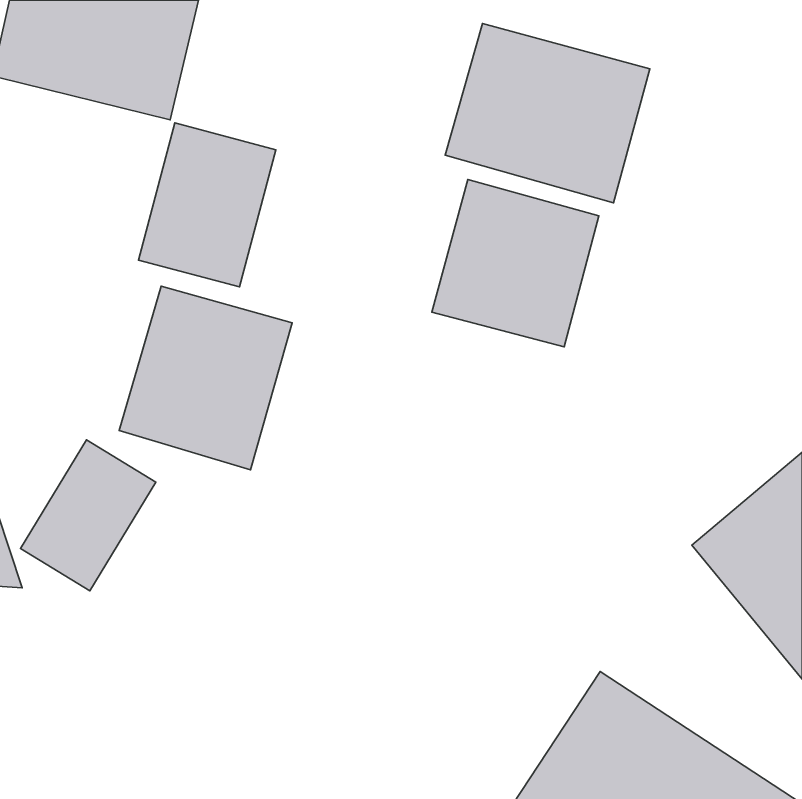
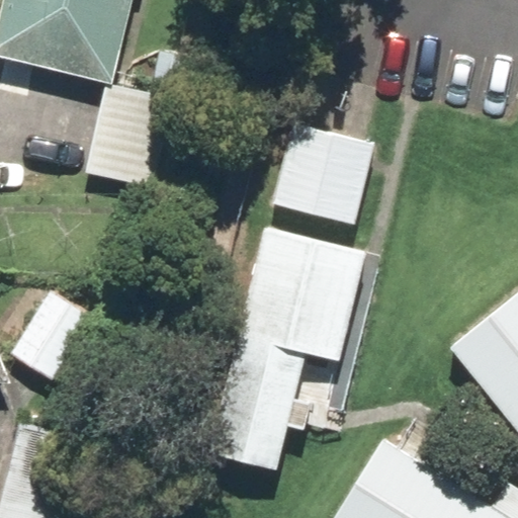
building: [445,24,650,203] -> none
building: [119,286,292,470] -> none
building: none -> [203,232,363,472]

